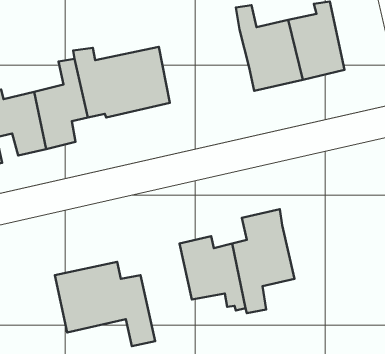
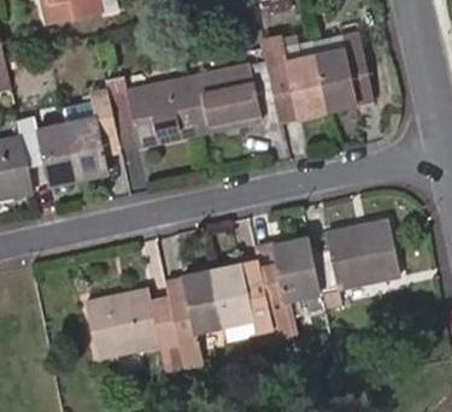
building: none -> [188,58,277,130]
building: none -> [310,219,398,304]
building: none -> [170,269,221,365]

